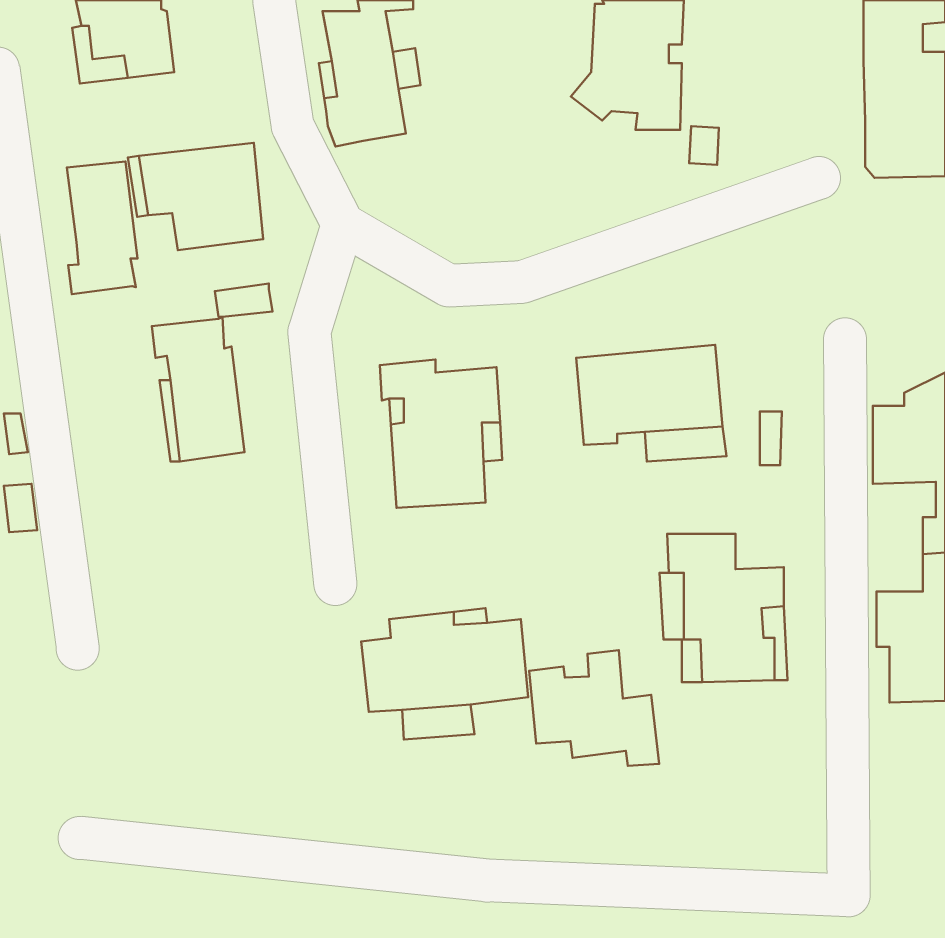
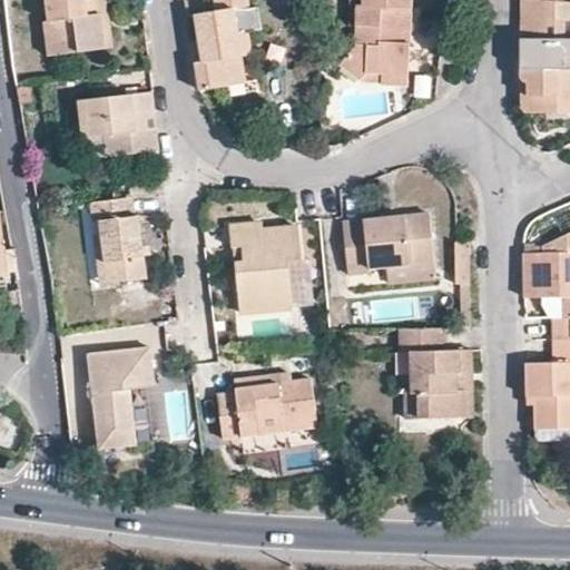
building: [67,162,137,294] -> none
building: none -> [88,345,154,446]
building: [529,650,659,766] -> none

